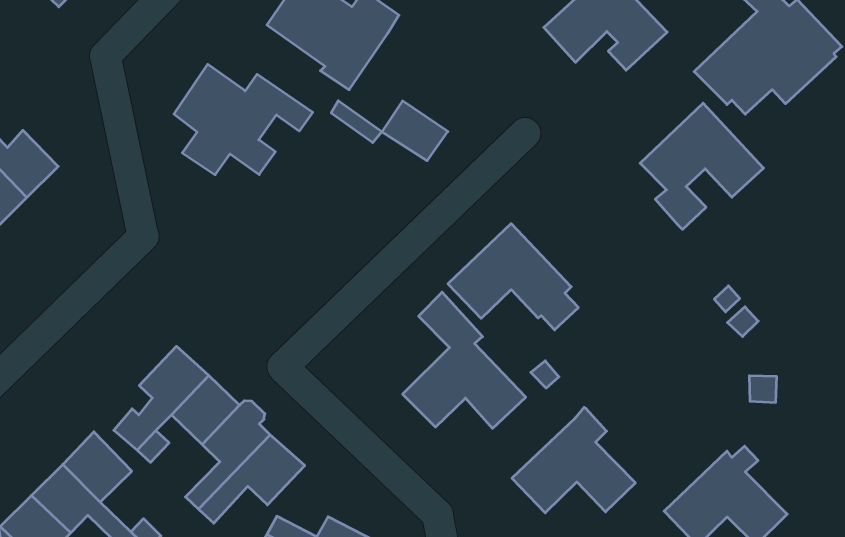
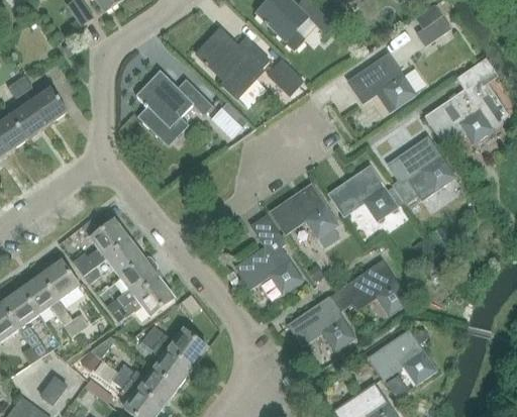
building: [382,101,448,161] -> [267,60,303,95]
building: none -> [329,167,403,220]
building: none -> [335,262,410,316]

